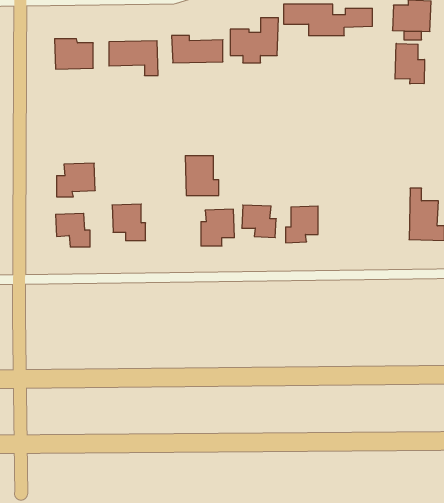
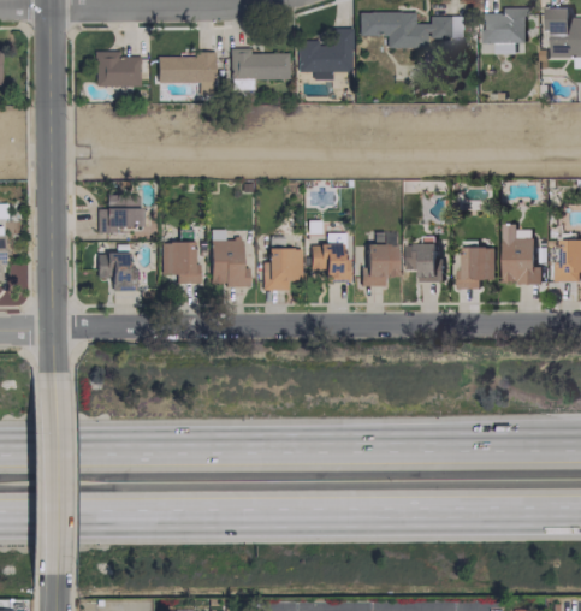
building: [395,43,424,84] -> none
building: [185,156,219,195] -> [212,239,250,285]
building: none -> [405,243,446,281]
building: none -> [460,247,498,287]

